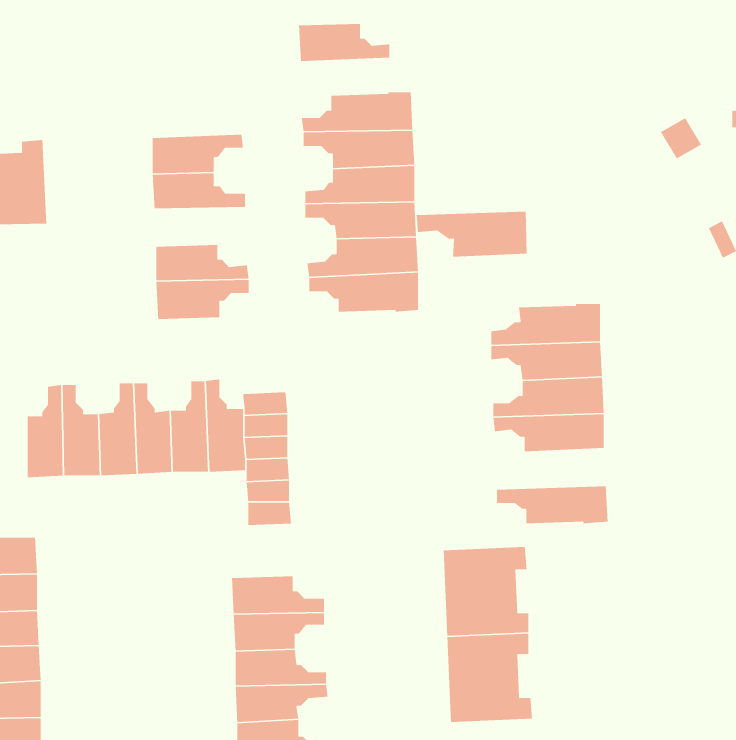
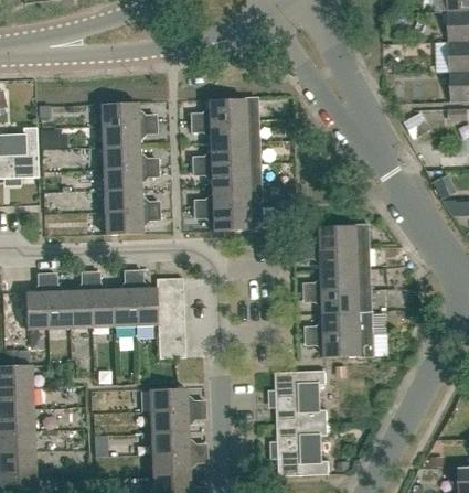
building: [298,23,390,62] -> [99,103,154,126]
building: none -> [102,168,157,191]
building: [416,211,527,258] -> none
building: none -> [306,312,373,336]

